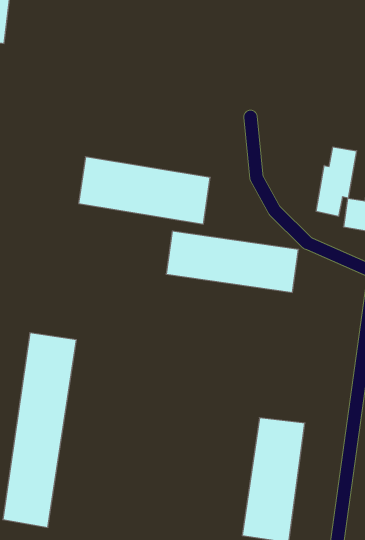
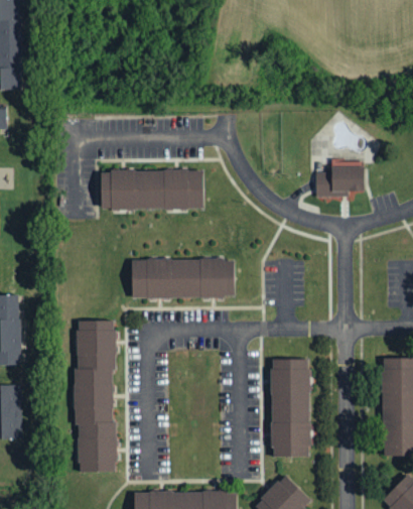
building: [316,147,357,216] -> none
building: [166,231,299,292] -> [132,261,236,296]

